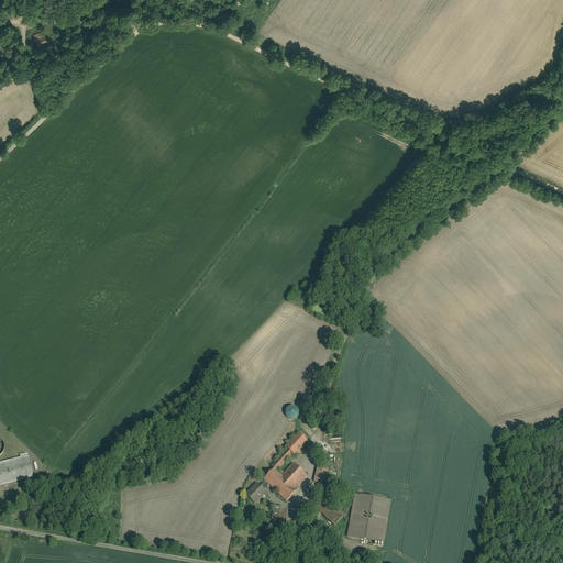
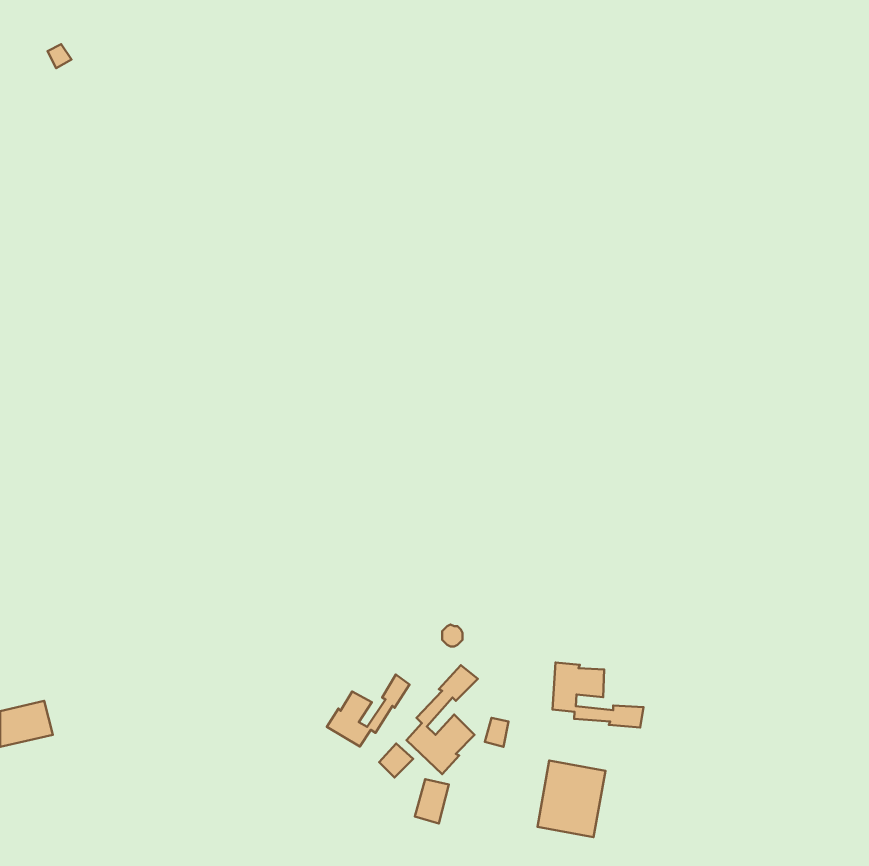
building: none -> [552,663,643,728]
building: none -> [327,674,410,746]

